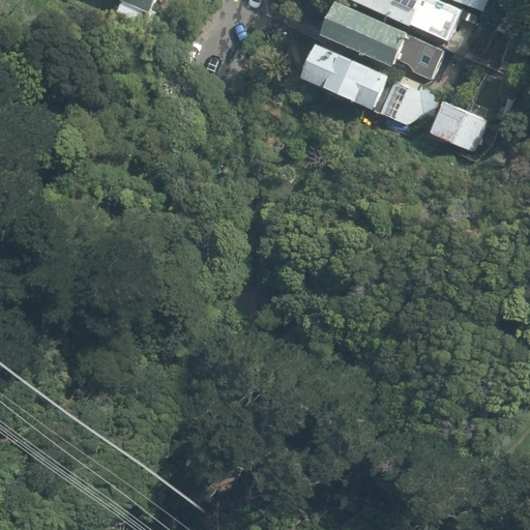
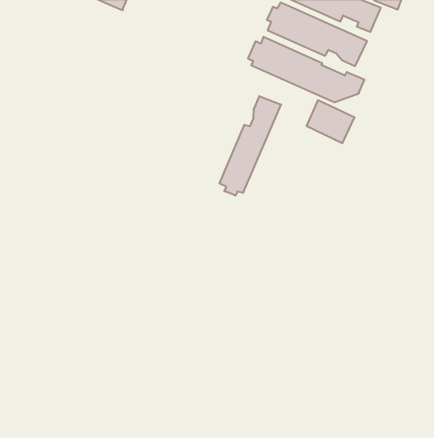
building: [429,100,487,152] -> [307,100,355,143]
building: none -> [220,96,281,196]

